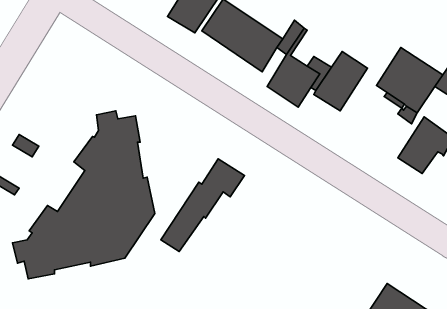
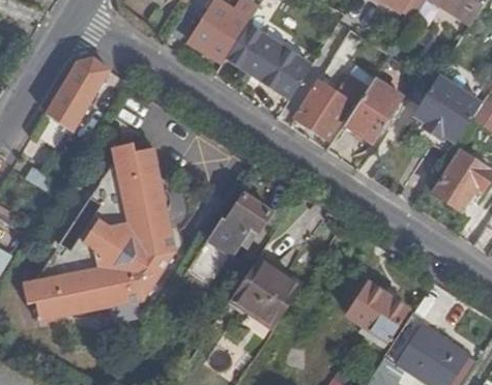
building: none -> [45,58,111,132]
building: none -> [230,259,300,329]
building: none -> [347,284,407,342]

